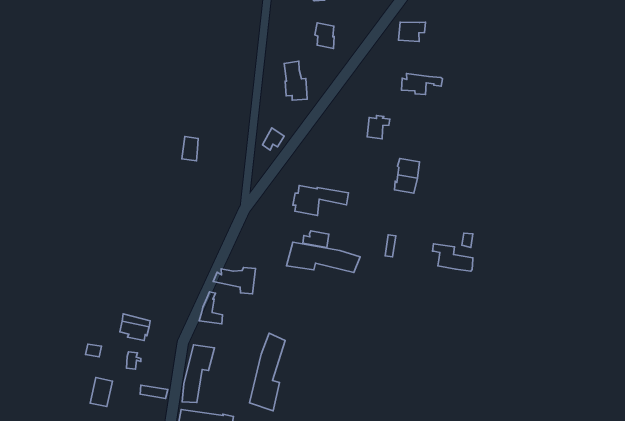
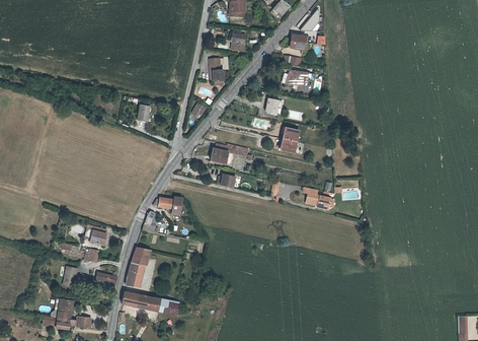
building: [286,242,360,273] -> none
building: [249,333,285,411] -> none

